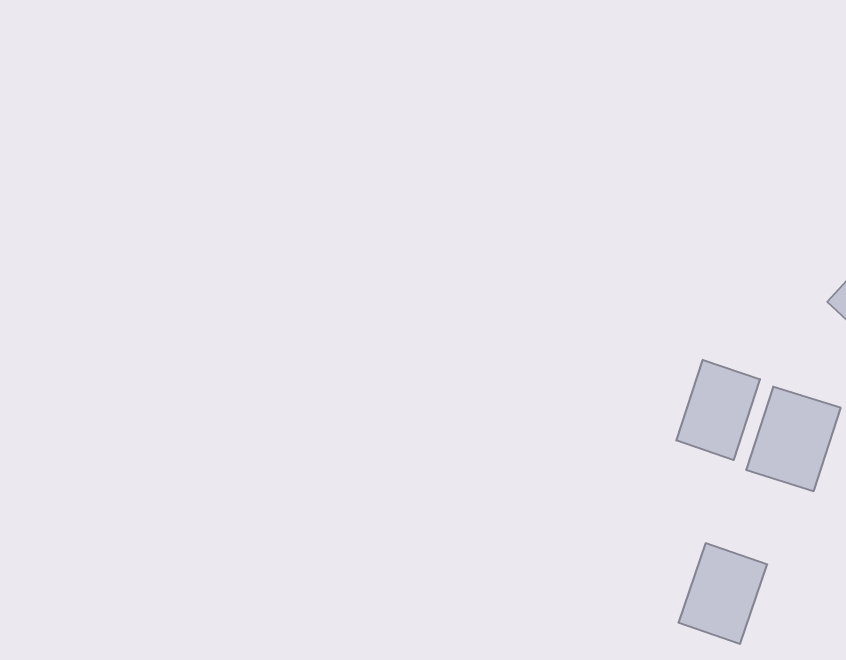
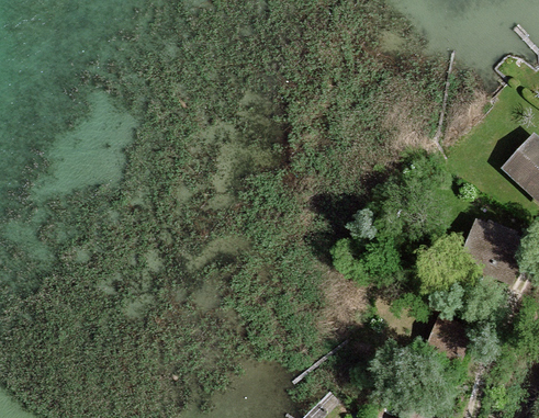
building: [676,360,760,460] -> none

